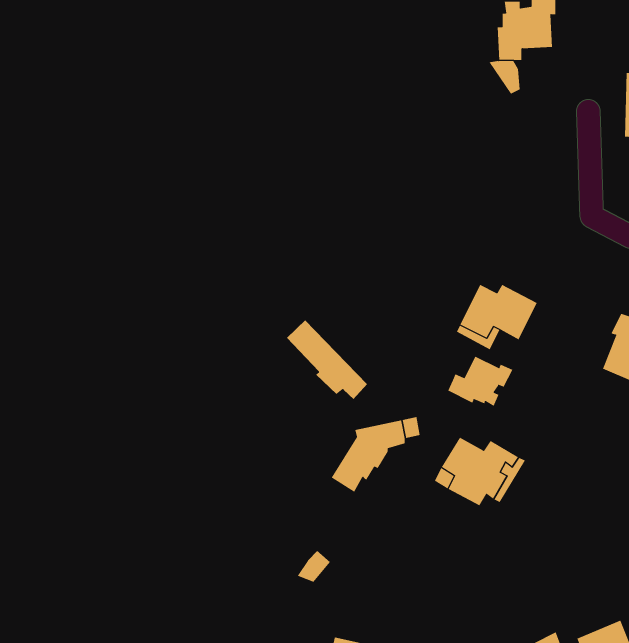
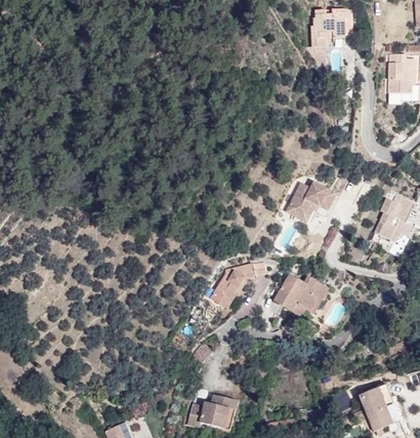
building: [286,319,368,400] -> none
building: [447,356,513,407] -> none

